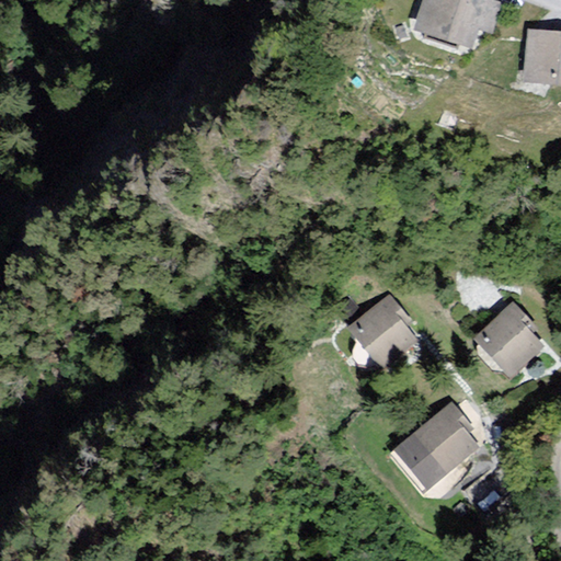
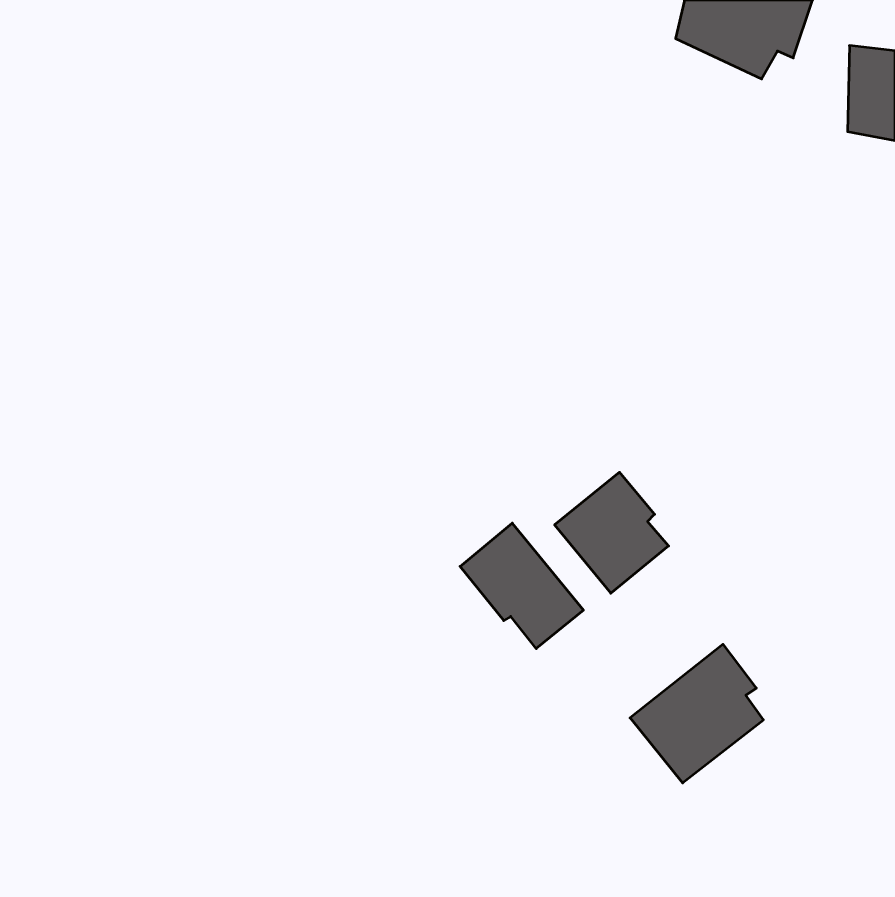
building: [472,302,543,378] -> none
building: none -> [460,523,583,649]

